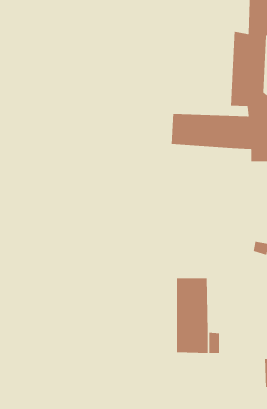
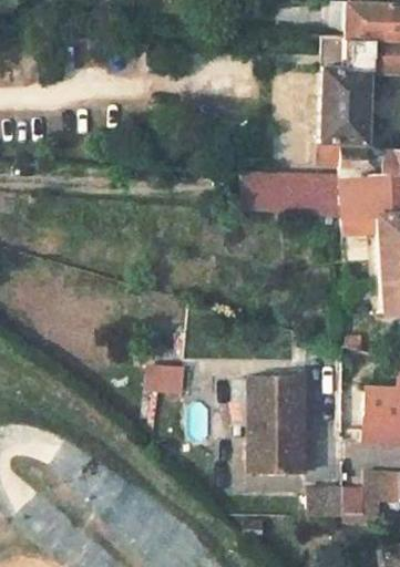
building: none -> [146,362,186,390]

